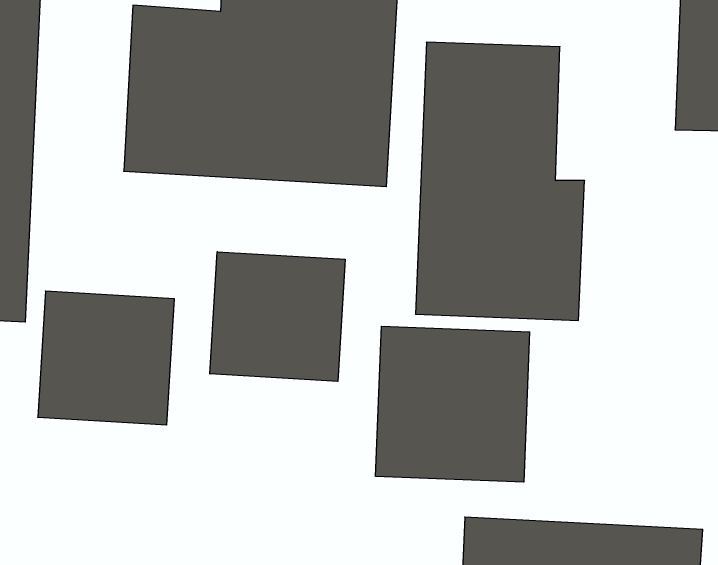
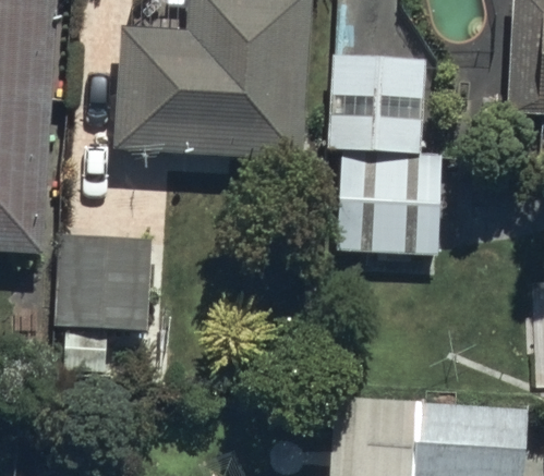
building: [210,252,345,381] -> none
building: [376,326,530,482] -> none

